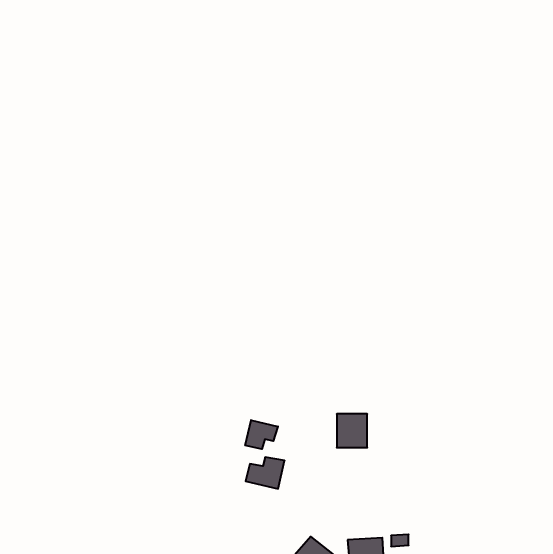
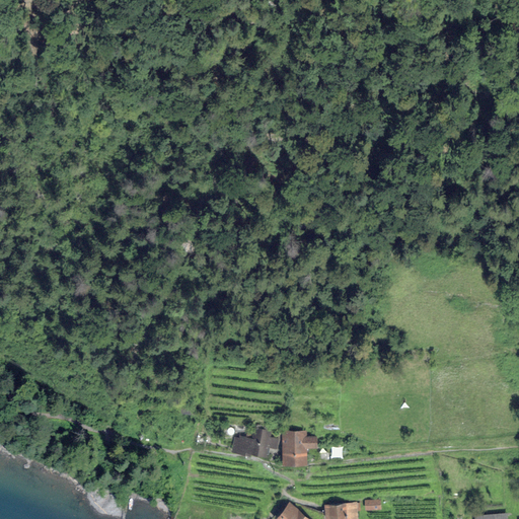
building: [337,414,367,448] -> [279,434,307,465]
building: [245,420,278,449] -> none

